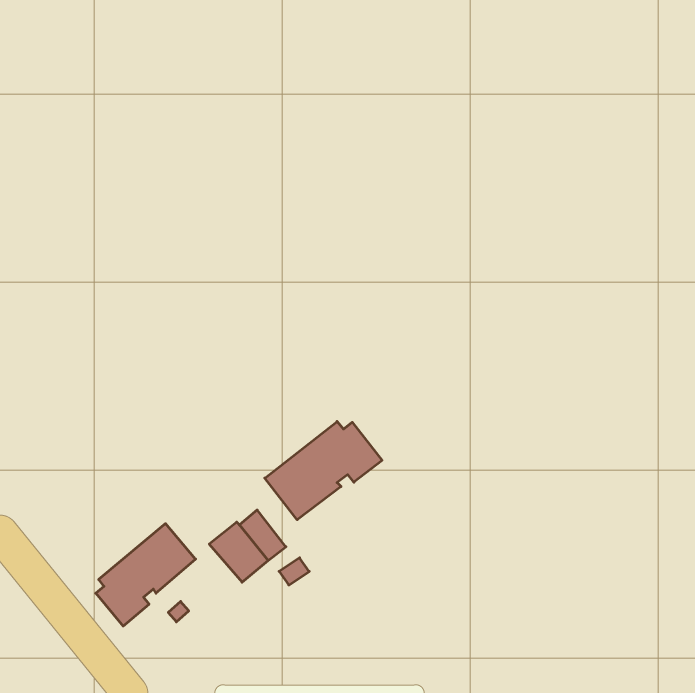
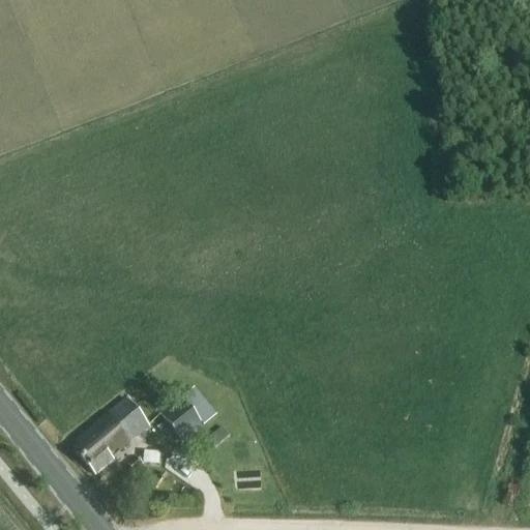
building: [265,421,382,520] -> none

